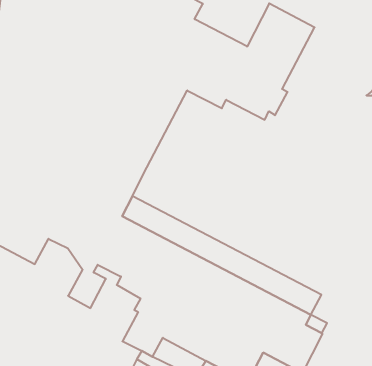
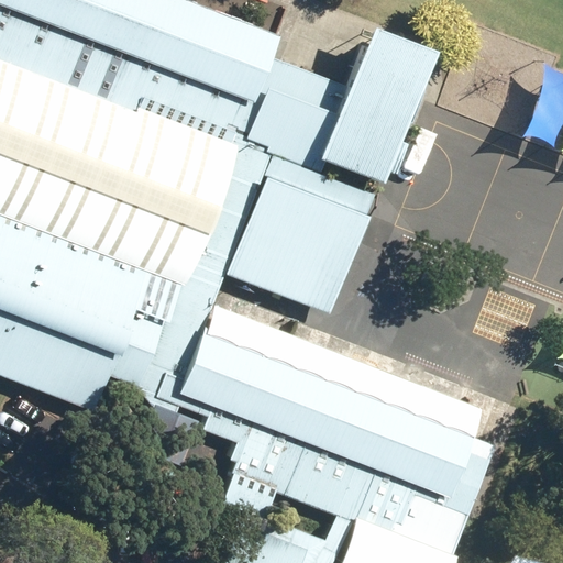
building: none -> [224,154,374,312]

